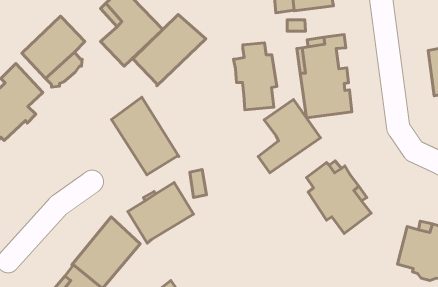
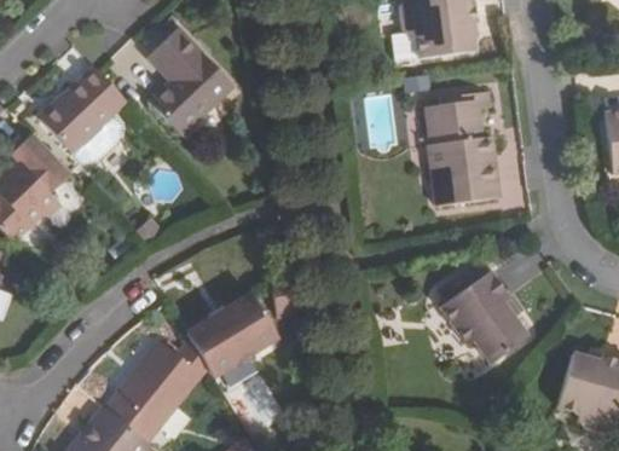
building: [133,14,206,86] -> none
building: [234,43,277,110] -> none
building: [112,97,179,175] -> none
building: [258,99,320,173] -> none

